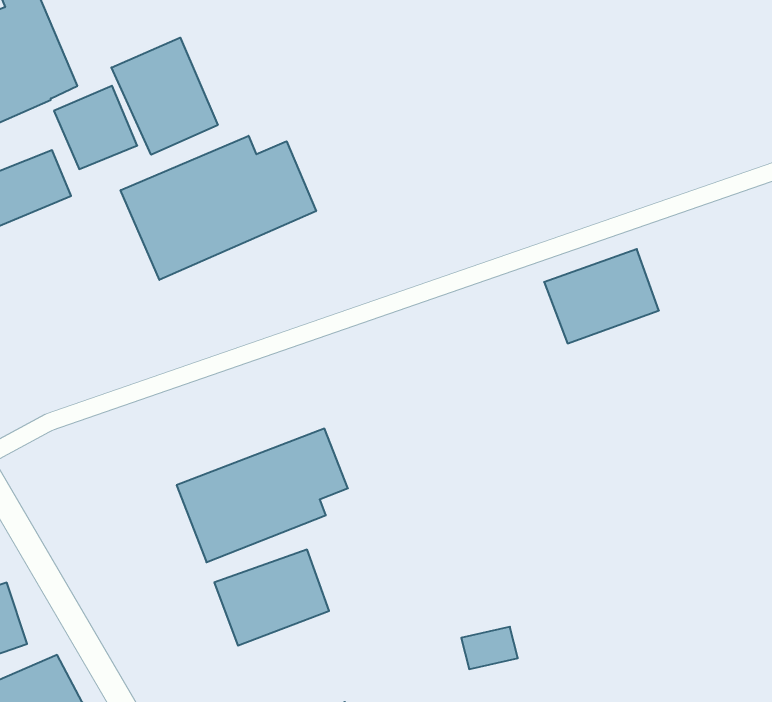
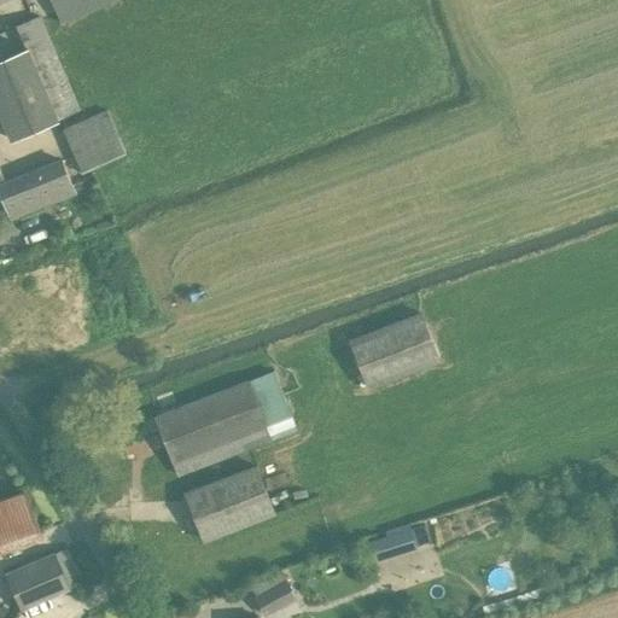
building: [111,38,218,155] -> none
building: [121,136,316,280] -> none
building: [544,249,659,343] -> [350,316,438,389]

